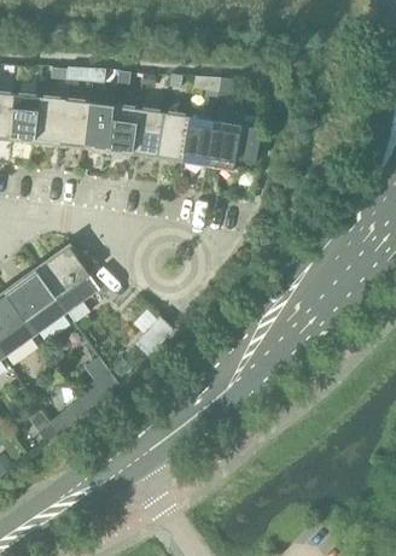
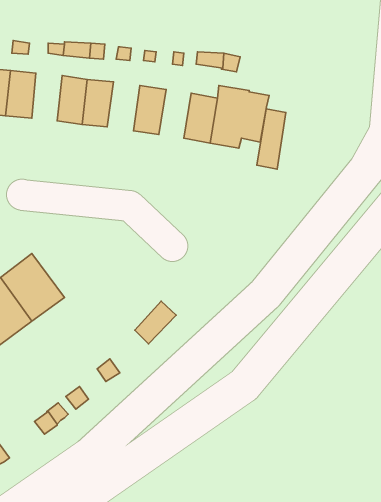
building: [34,98,63,144] -> none
building: [106,106,138,153] -> none
building: [156,113,187,160] -> none
building: none -> [257,109,286,169]
building: [34,247,99,323] -> none

